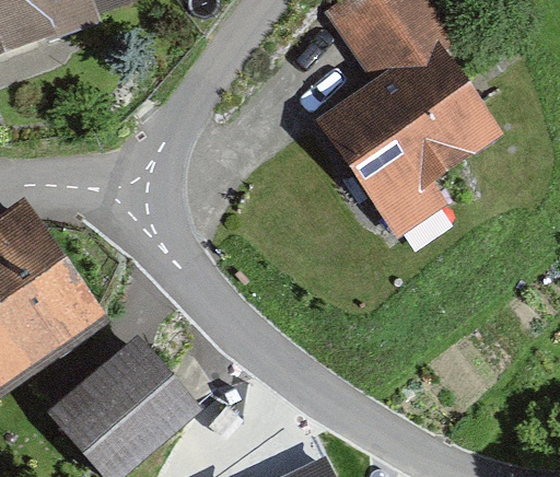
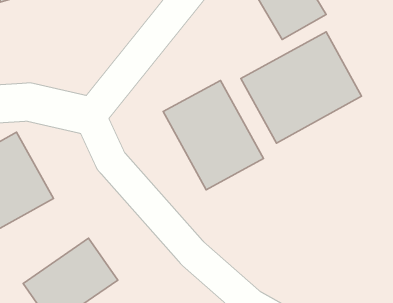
building: none -> [163,80,263,190]

